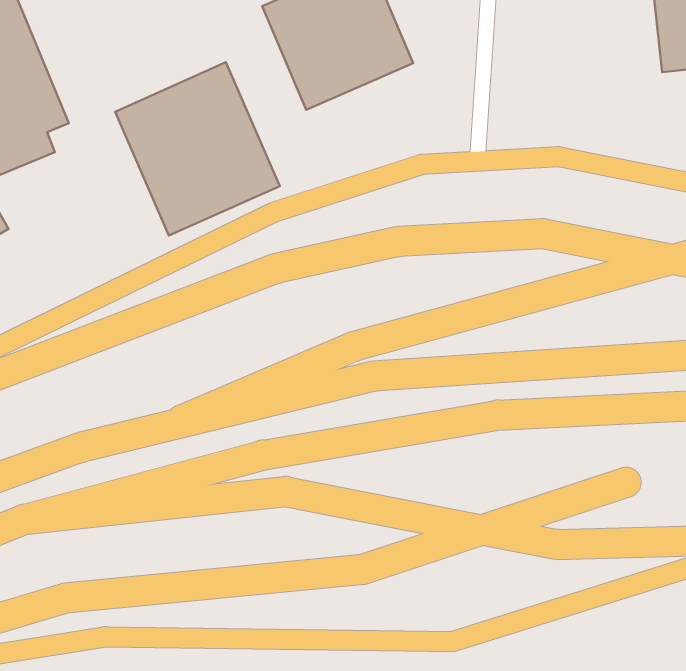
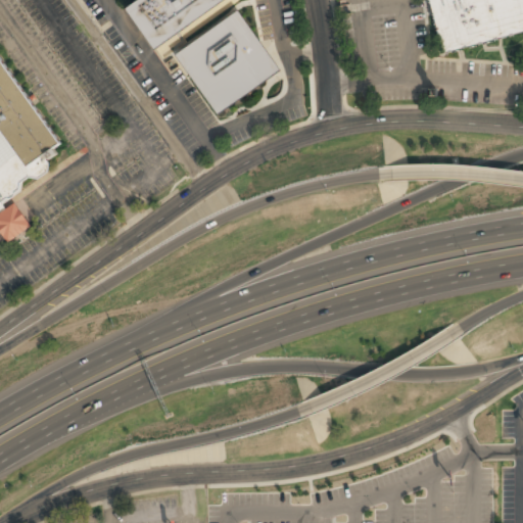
building: [115,62,280,235] -> none

